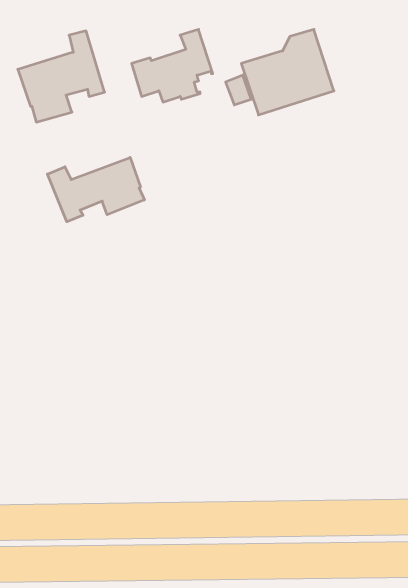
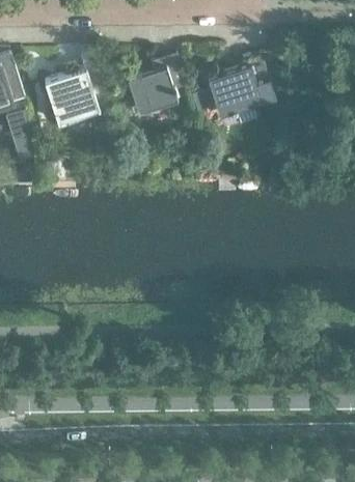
building: [47,157,144,222] -> none

